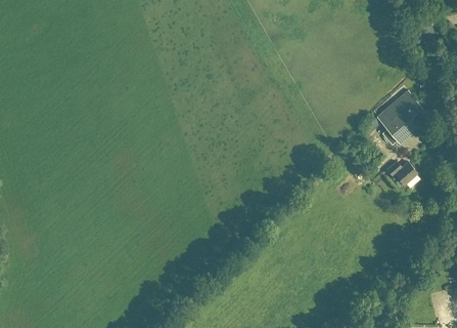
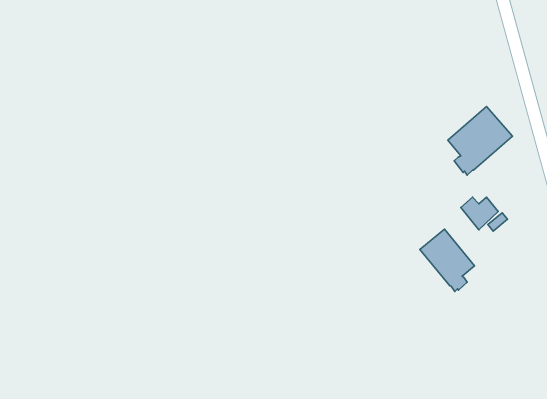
building: none -> [420,229,474,292]

